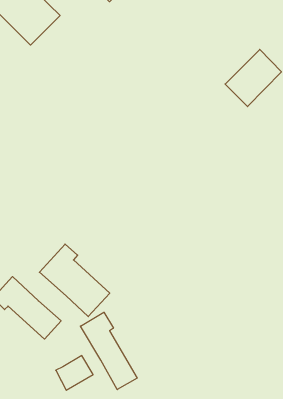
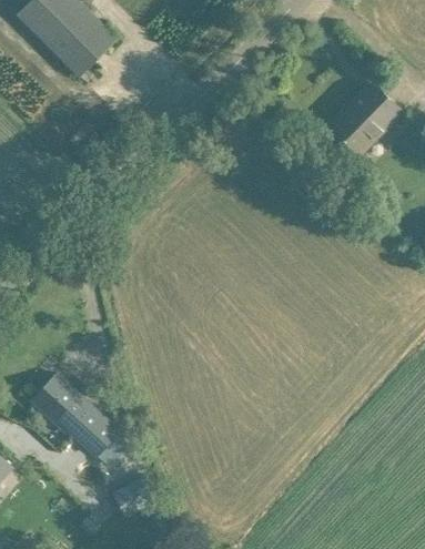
building: [39,244,110,317] -> none
building: [80,312,137,390] -> none

